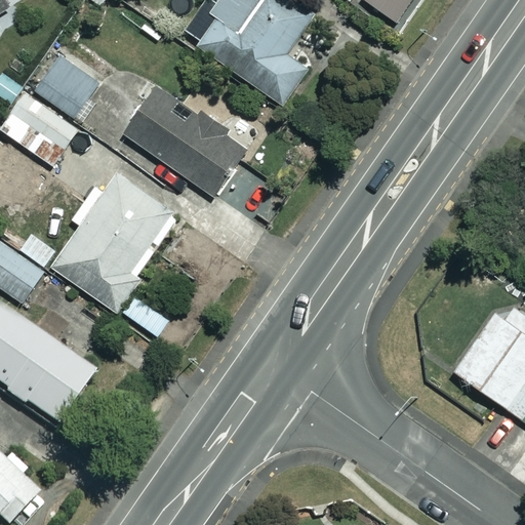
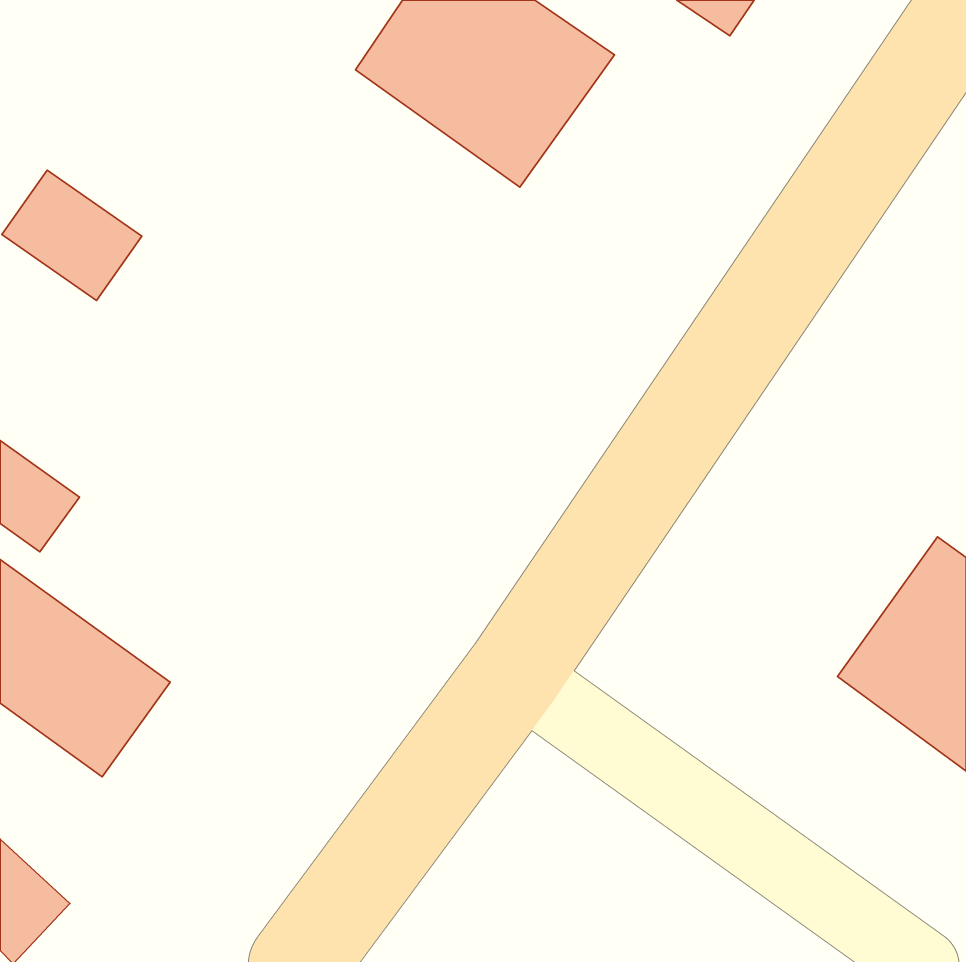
building: [31,52,98,118] -> none
building: [124,89,245,196] -> none
building: [52,174,171,312] -> none

